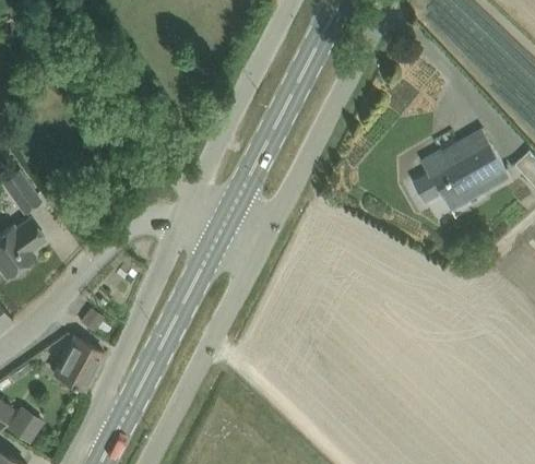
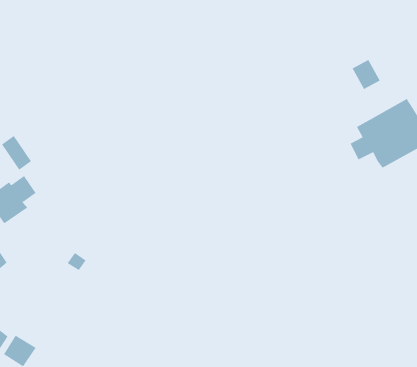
building: none -> [352,59,381,90]
building: [52,337,103,390] -> none

